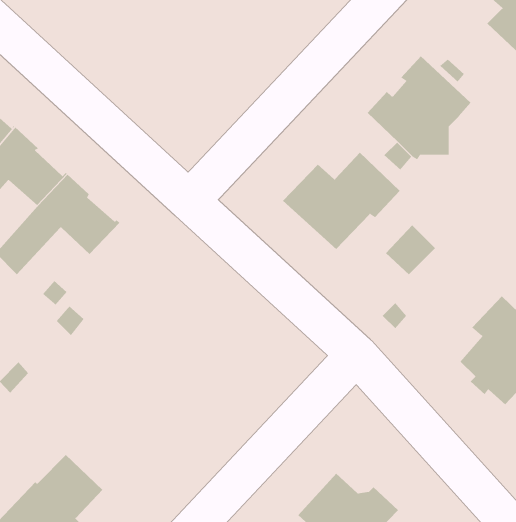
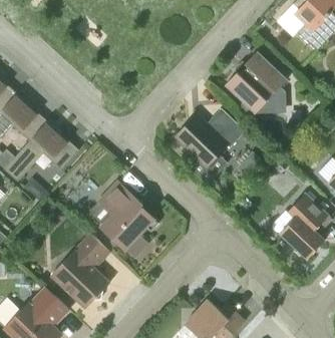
building: none -> [100,182,158,258]
building: none -> [51,234,110,308]

